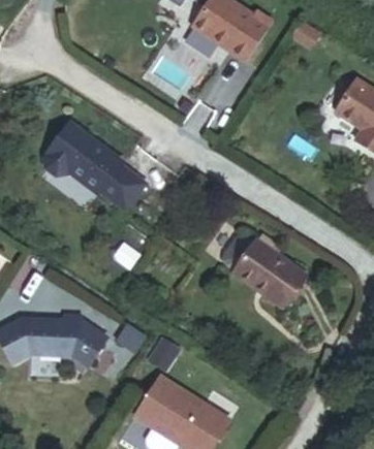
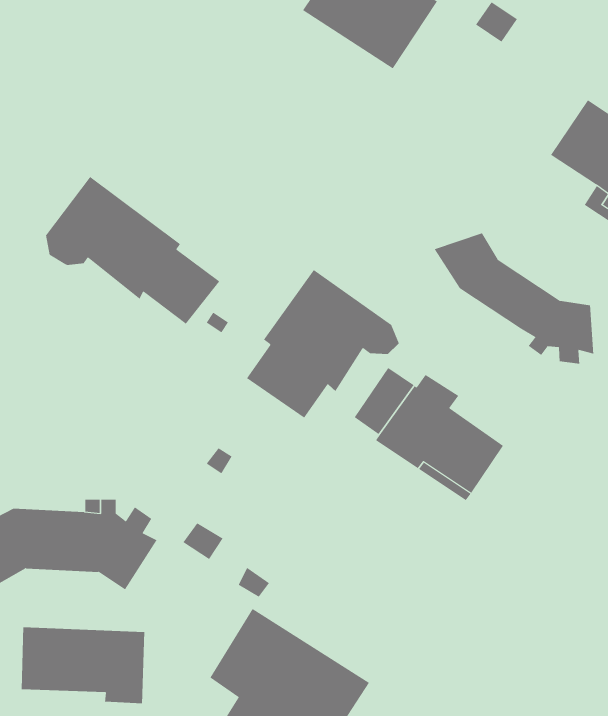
building: none -> [434,233,594,365]
building: none -> [246,269,399,418]
building: none -> [21,626,145,704]

